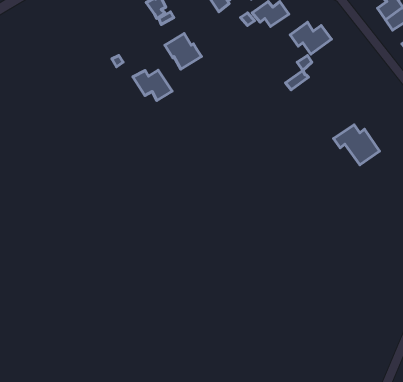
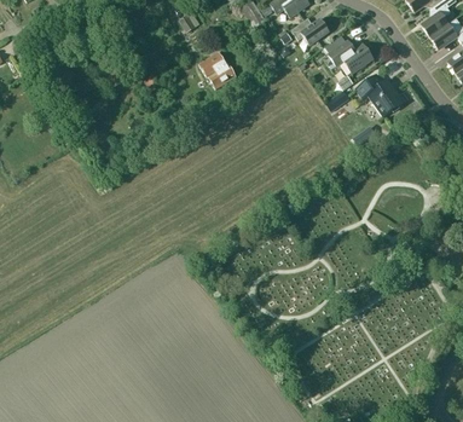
building: [133,70,172,100] -> none
building: [333,125,379,165] -> [355,74,404,116]

